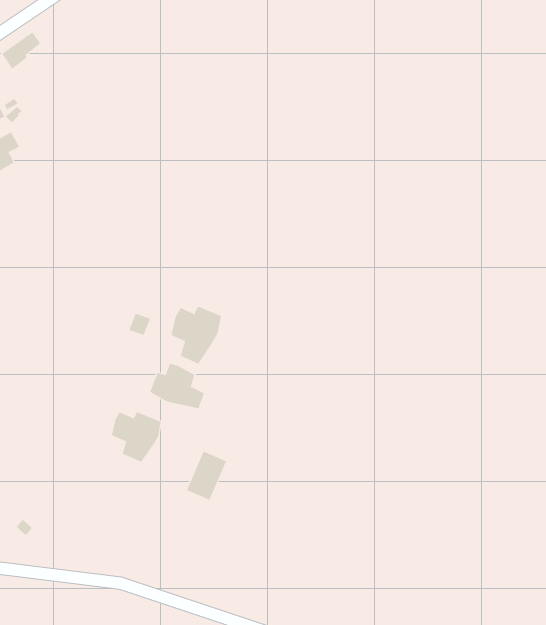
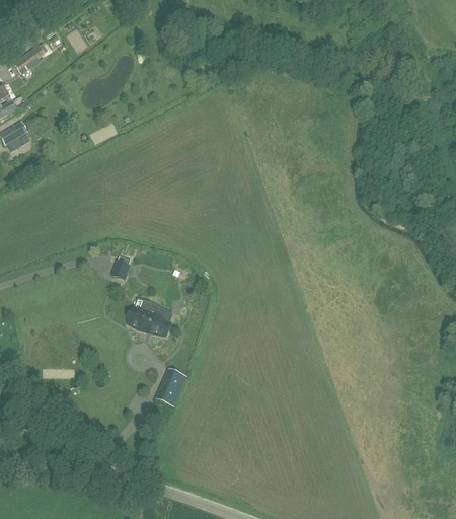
building: [171,306,222,365] -> none
building: [112,411,161,463] -> none

